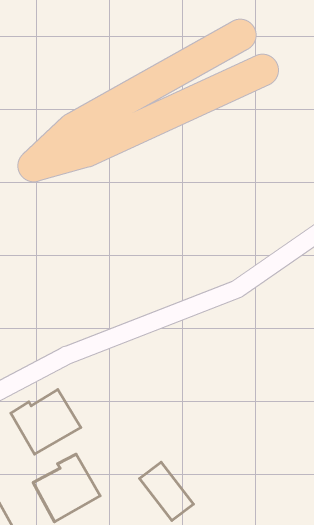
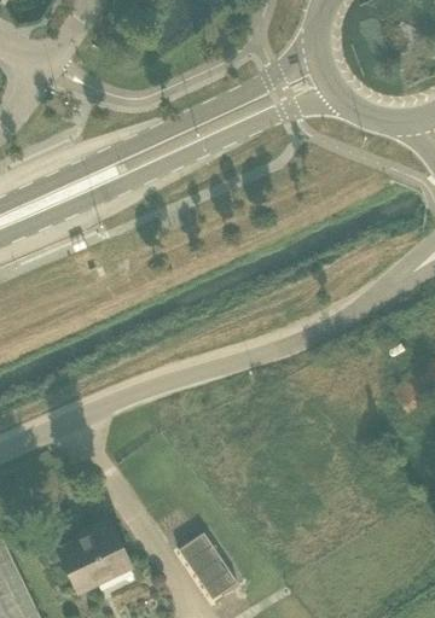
building: [11,389,81,454] -> none

